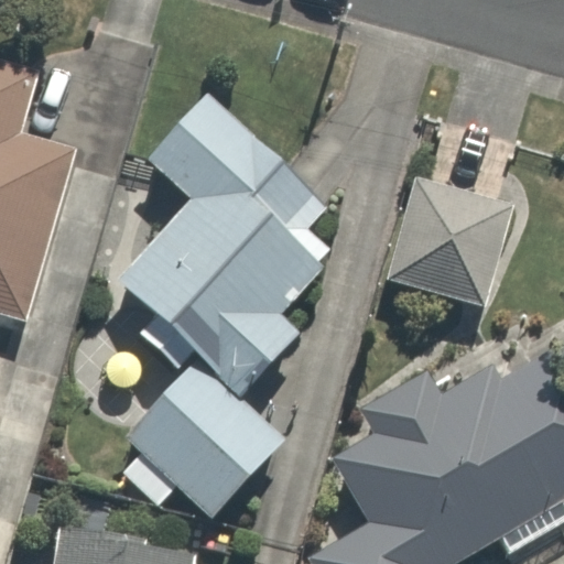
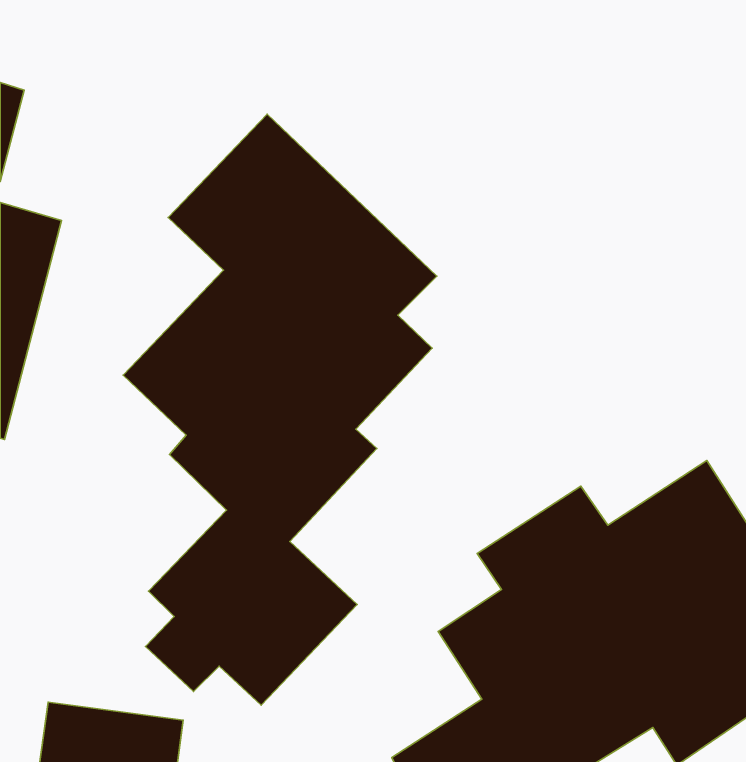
building: [387,133,519,329] -> none

